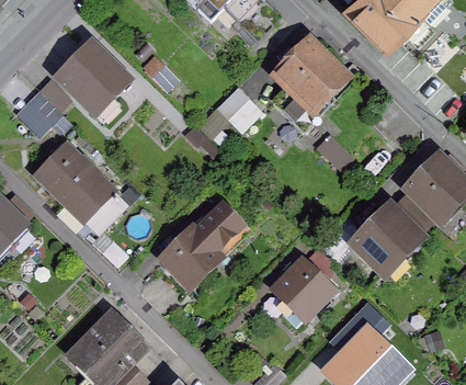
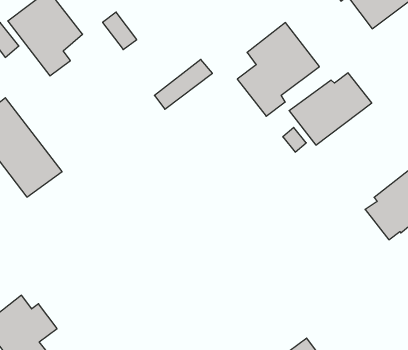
building: [356,202,430,271] -> [289,73,372,145]
building: [163,205,249,291] -> none
building: [275,257,338,318] -> none

